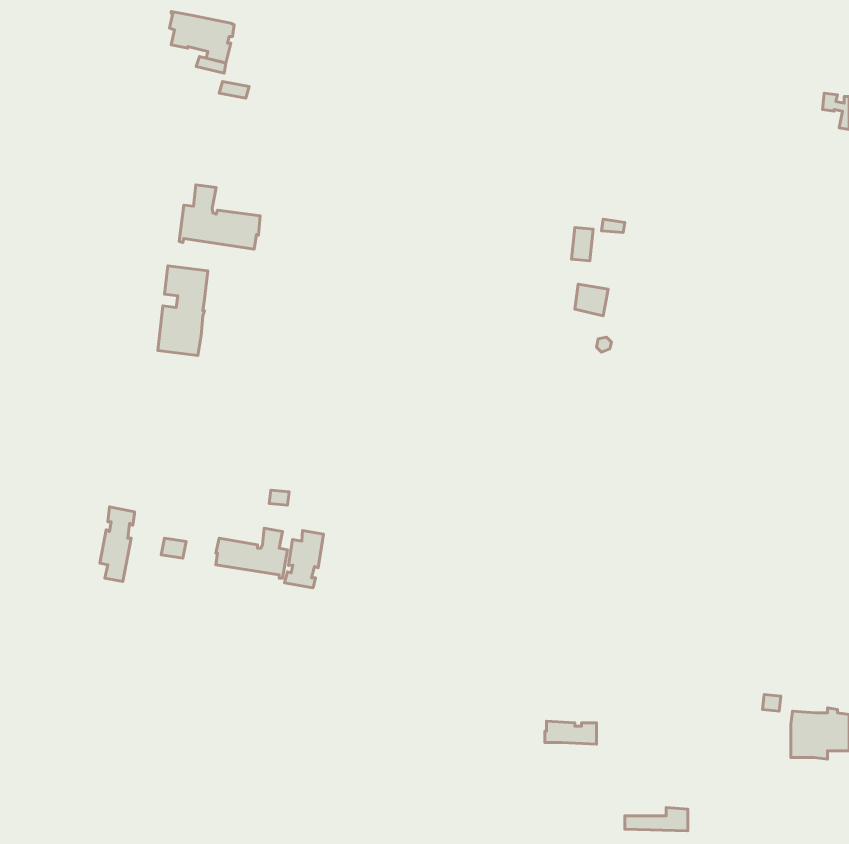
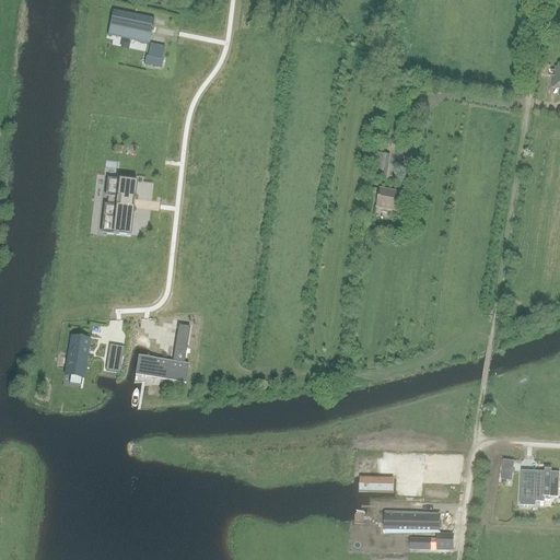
building: [179,185,260,249] -> none
building: [284,531,323,588] -> none
building: none -> [386,511,440,529]

